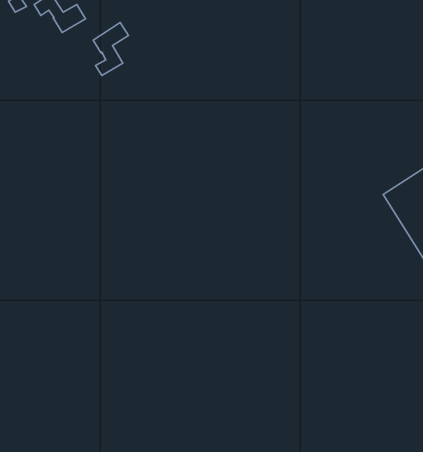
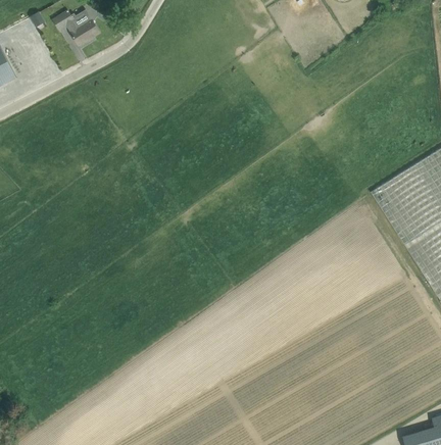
building: [93,22,128,75] -> none

